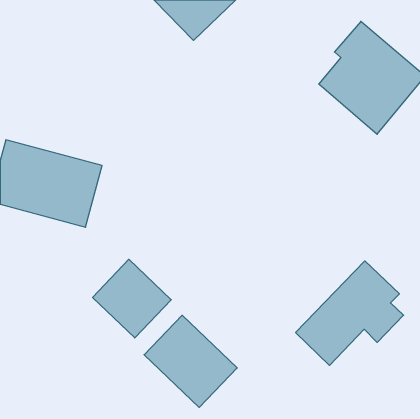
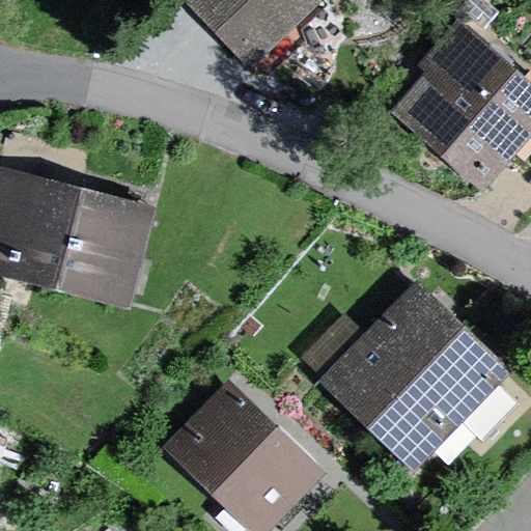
building: none -> [331,290,460,421]
building: [93,259,171,338] -> none

